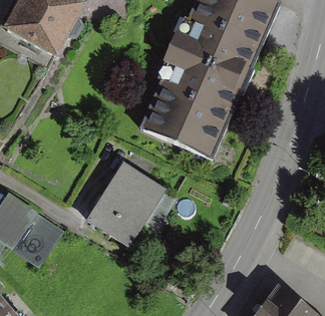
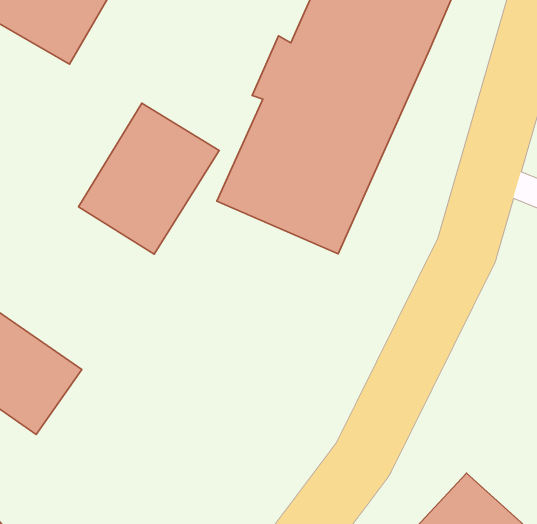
building: [84,155,165,242] -> [78,103,219,254]

